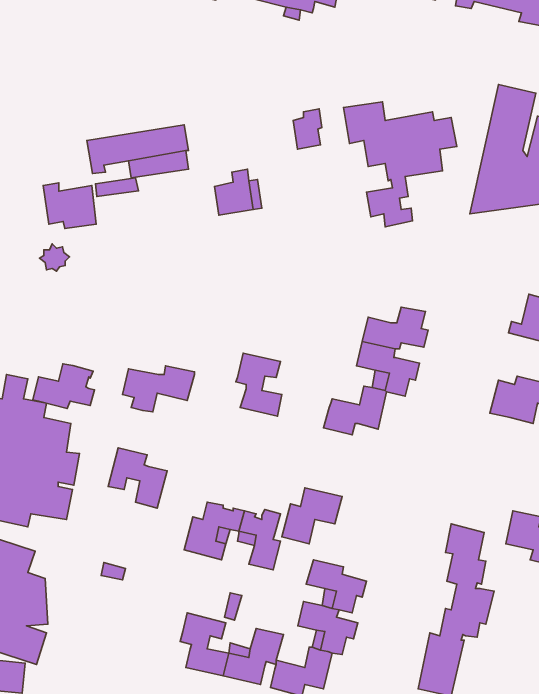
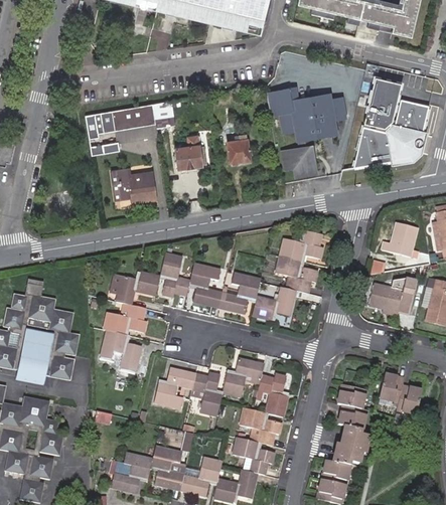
building: [293,109,322,149] -> [228,133,248,161]
building: [43,183,96,229] -> [118,168,155,200]
building: none -> [161,254,191,297]
building: [33,364,94,408] -> [104,304,147,335]
building: none -> [219,273,261,314]
building: none -> [257,374,288,417]
building: none -> [112,453,153,494]

